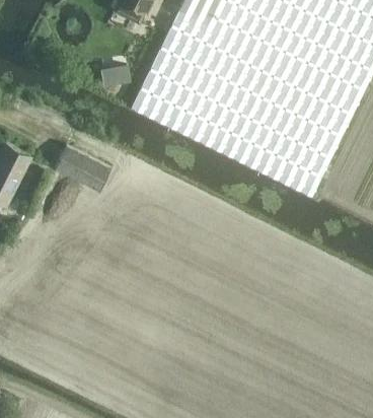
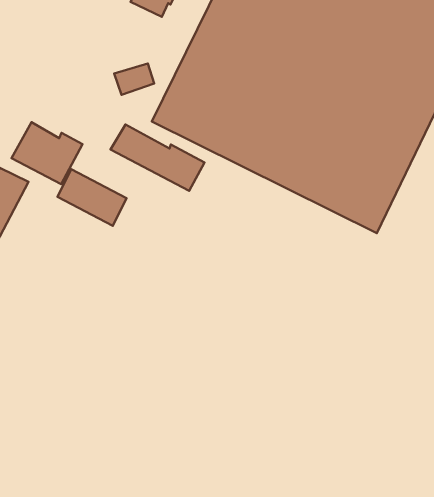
building: none -> [11,122,83,184]
building: none -> [110,125,204,191]

